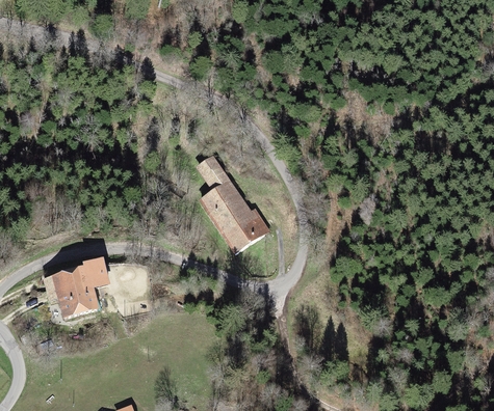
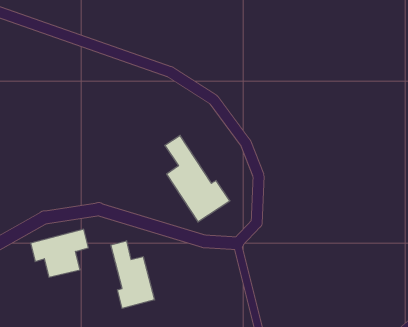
building: none -> [111,241,155,308]

